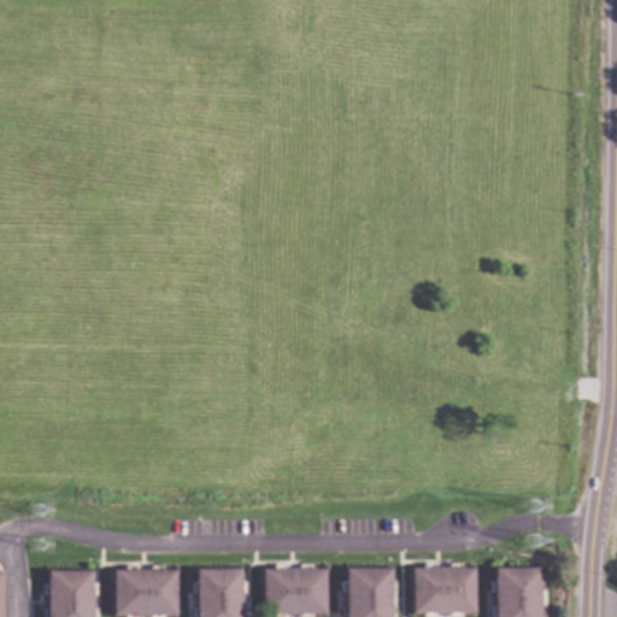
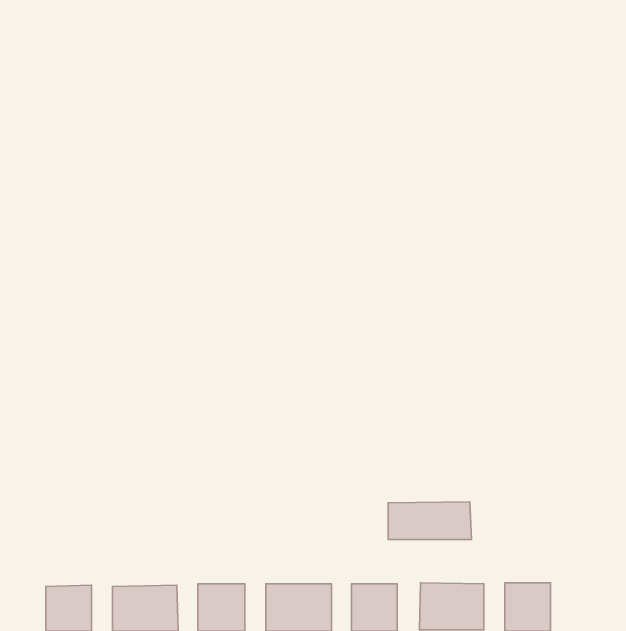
building: none -> [388,502,471,539]

